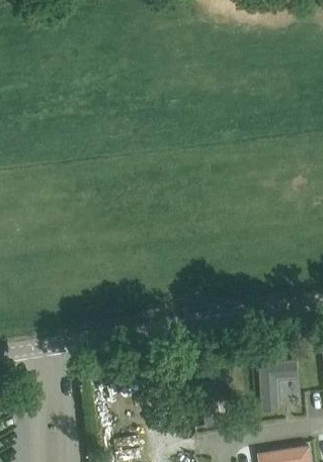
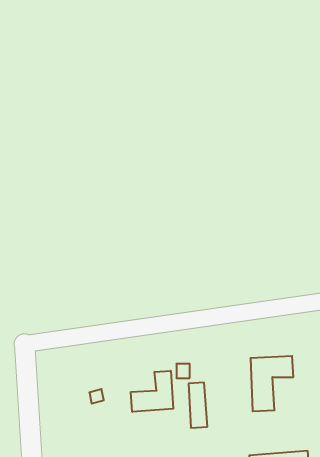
building: none -> [131,371,173,412]

